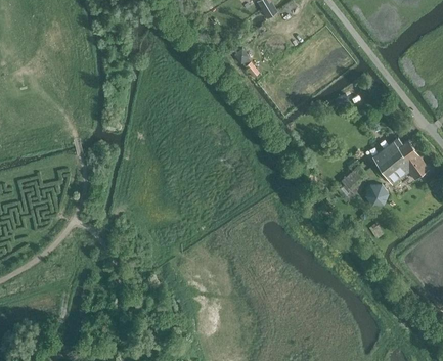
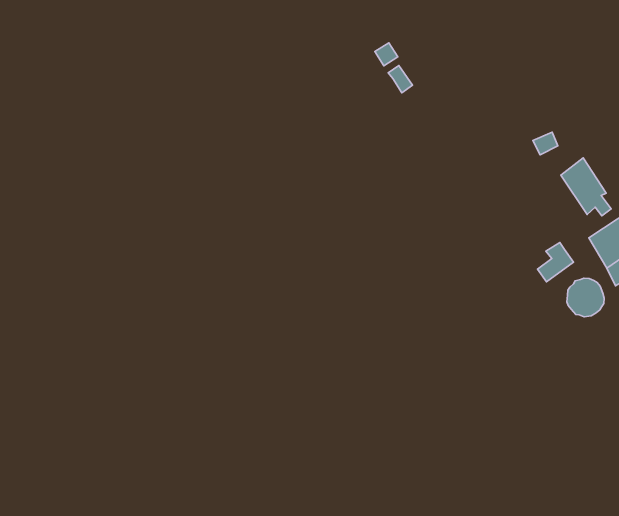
building: none -> [561,158,611,216]

